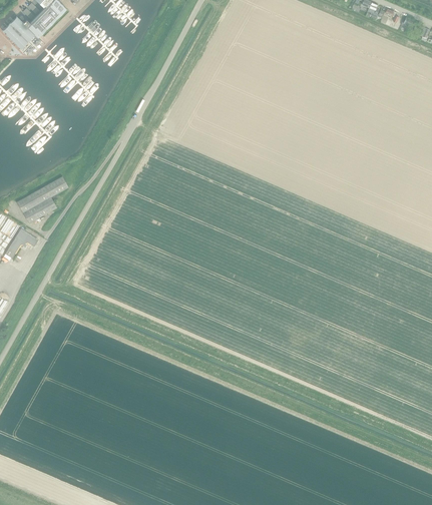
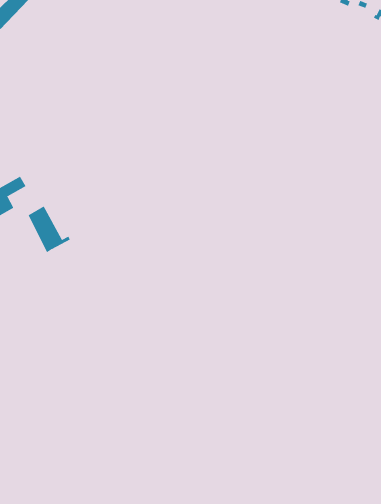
building: none -> [28,206,71,253]

